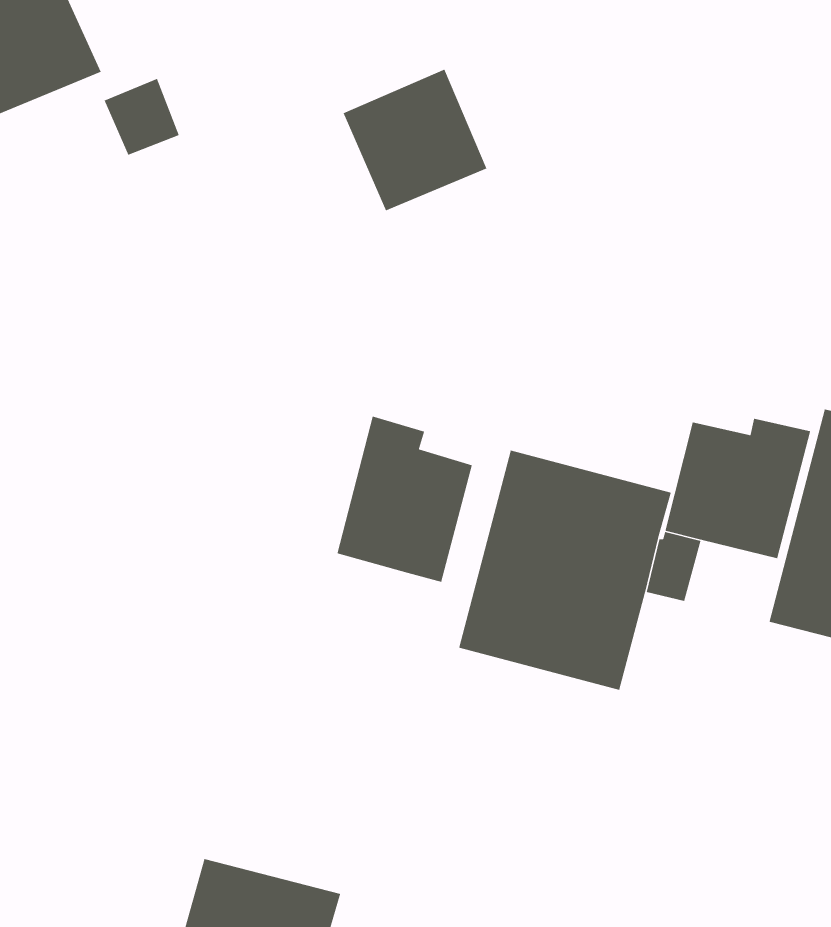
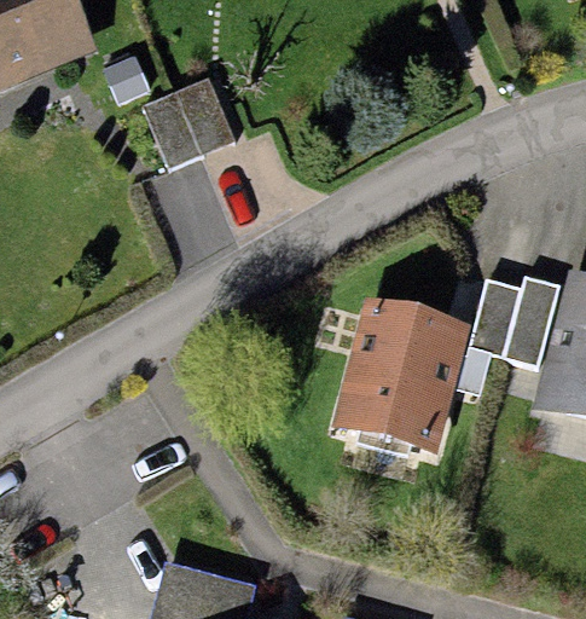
building: [343,68,488,211] -> [141,76,236,169]
building: [336,415,473,583] -> none

